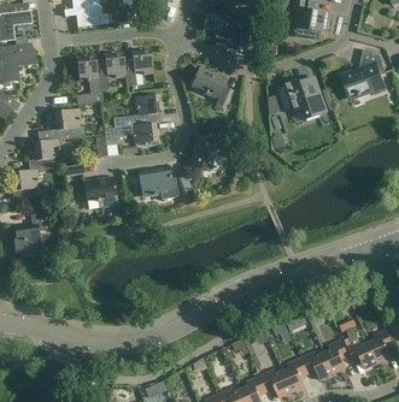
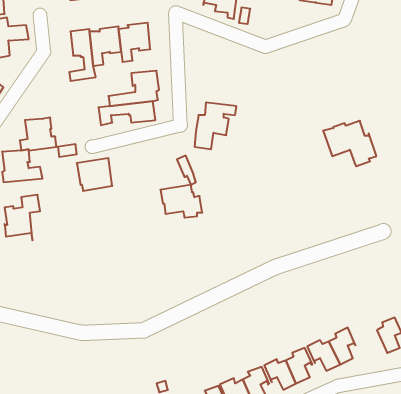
building: [341,48,386,96] -> none
building: [190,66,233,110] -> none
building: [276,77,327,120] -> [323,121,376,166]
building: [49,108,86,140] -> none
building: [139,167,178,199] -> [160,185,202,218]
building: [340,318,379,368] -> none

